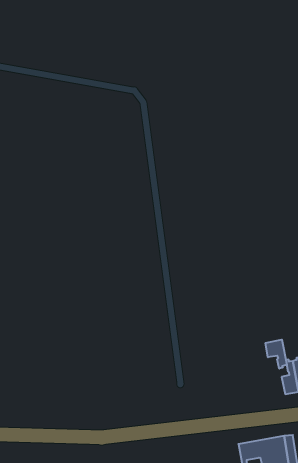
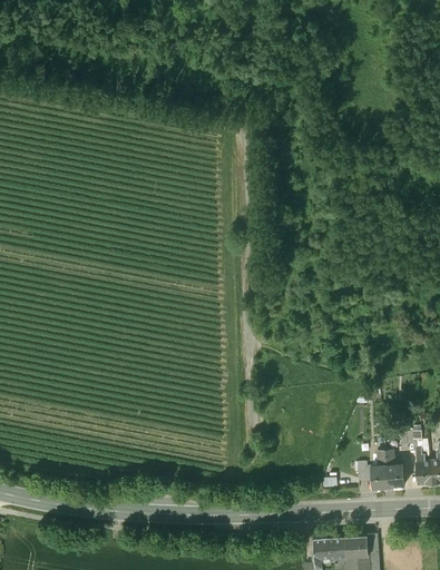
building: [266,340,287,369] -> none

